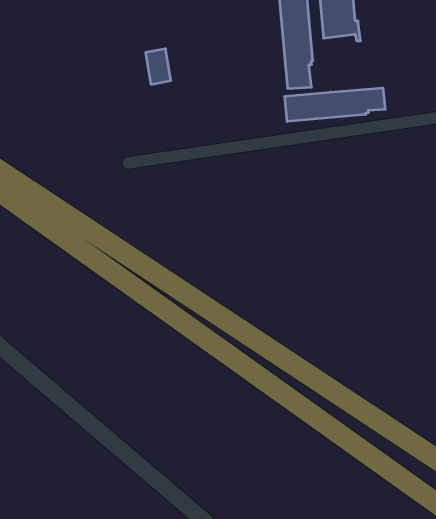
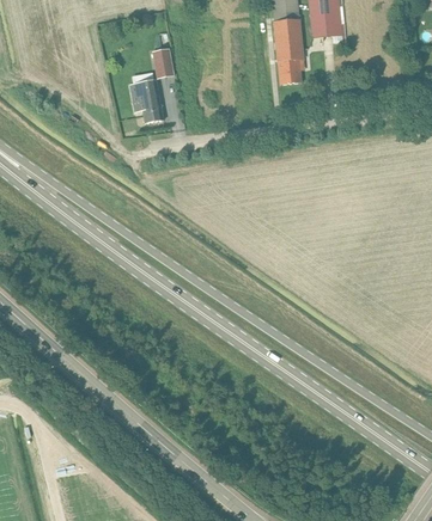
building: none -> [130,72,163,123]
building: [285,88,385,122] -> none

